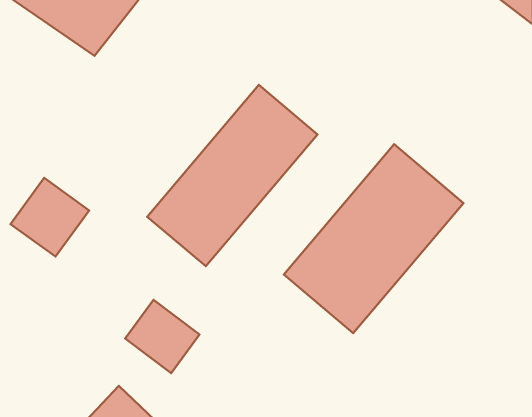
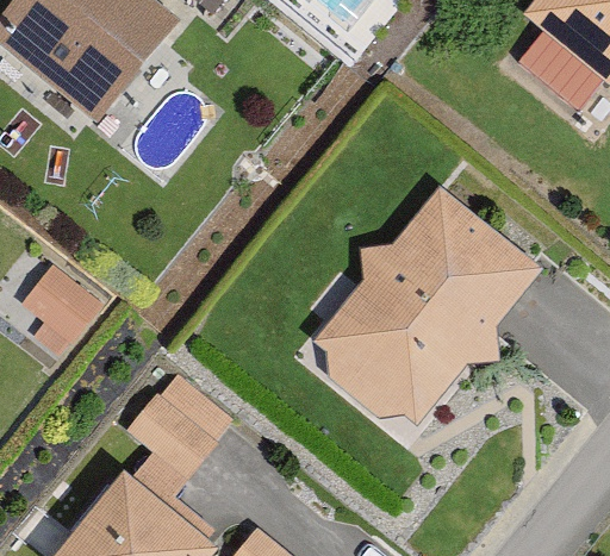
building: [147,85,317,266] -> none

